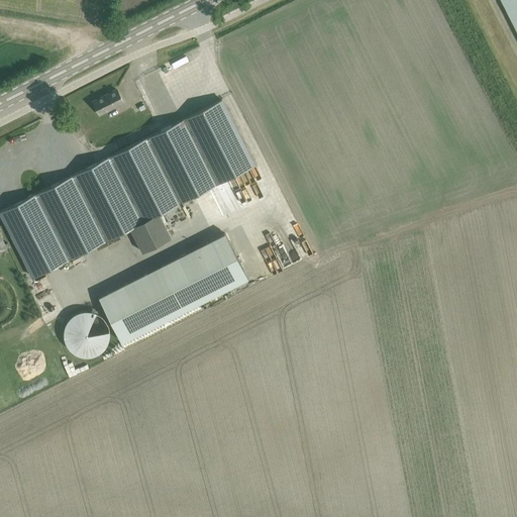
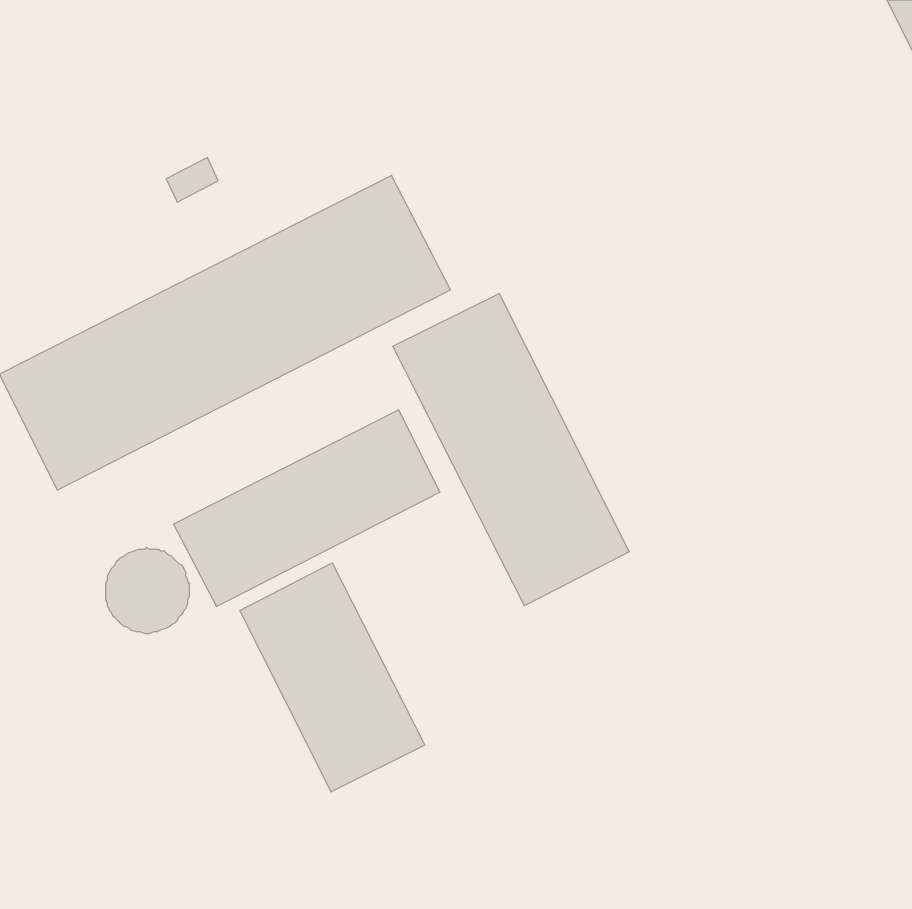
building: none -> [393,293,629,606]
building: none -> [240,563,425,792]

